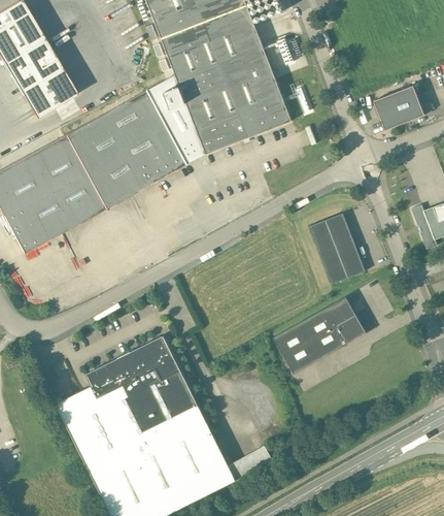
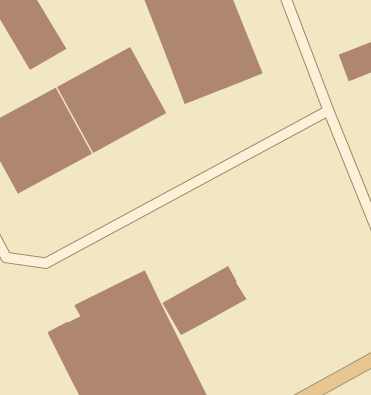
building: [147,74,206,164] -> none
building: [309,214,365,284] -> none
building: [273,296,367,374] -> [162,265,247,336]

